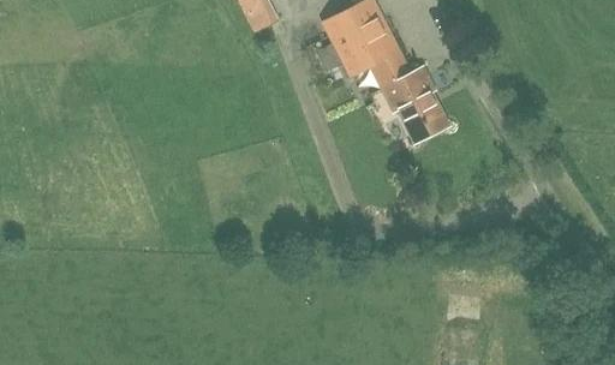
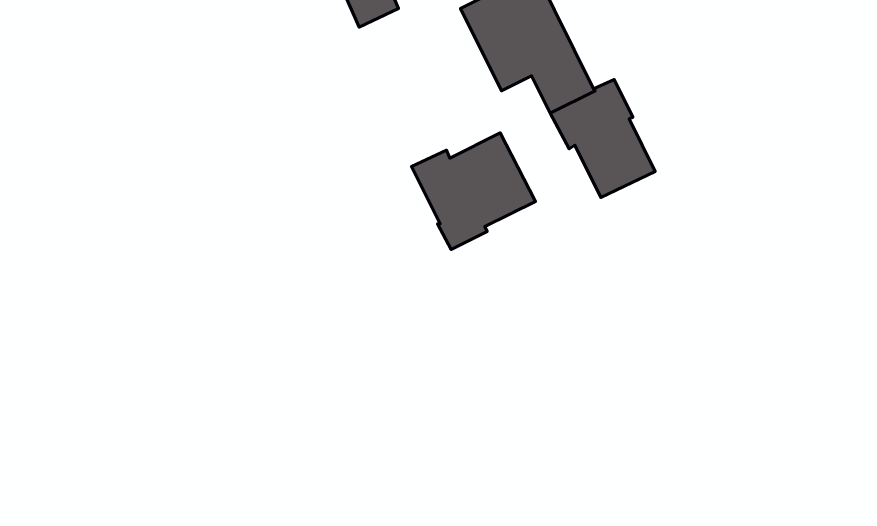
building: none -> [412,133,536,249]

